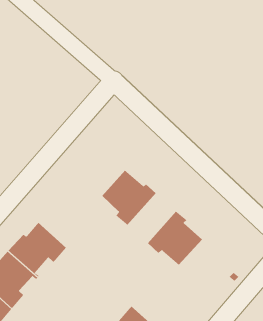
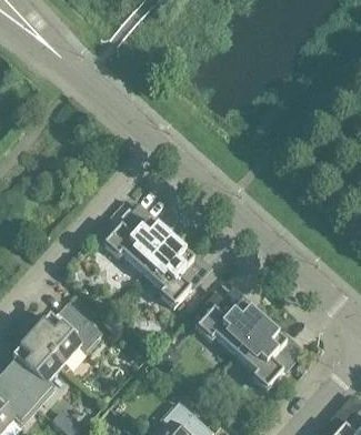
building: none -> [102,204,169,270]
building: none -> [233,322,300,388]

